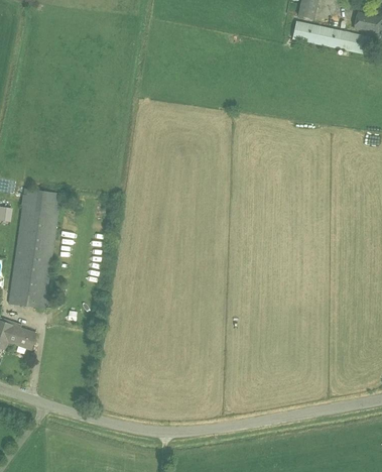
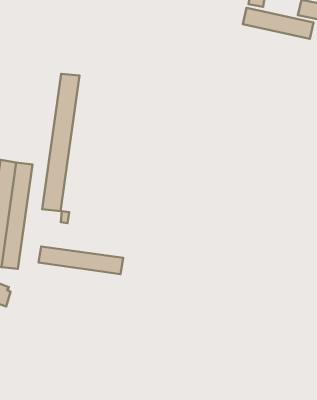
building: none -> [42,74,80,211]
building: none -> [38,246,123,274]

